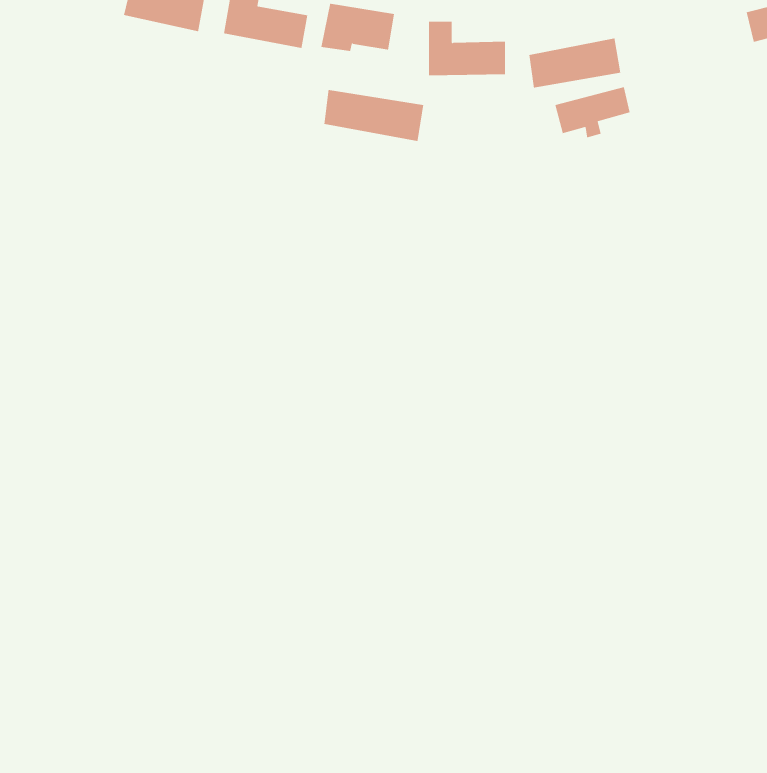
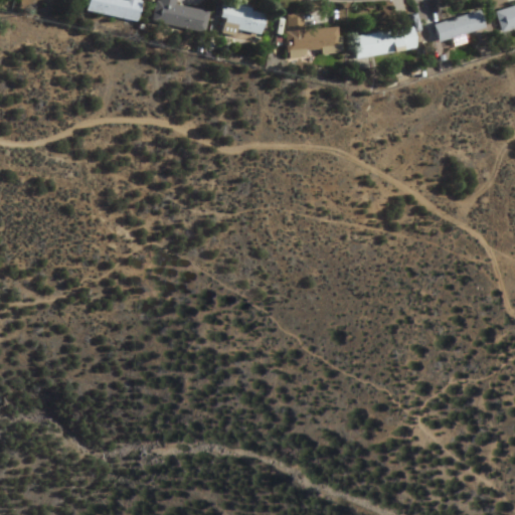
building: [555,87,630,138] -> [434,10,484,44]
building: [324,89,424,142] -> none

